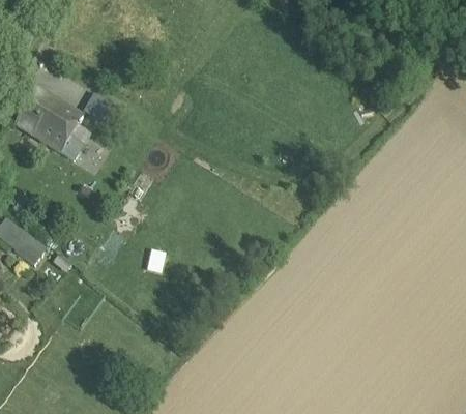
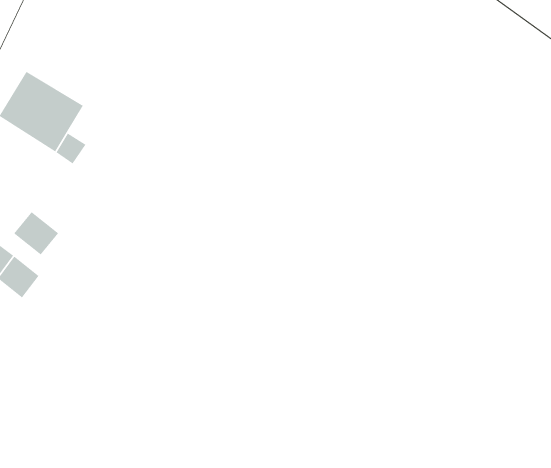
building: none -> [13,211,59,256]

